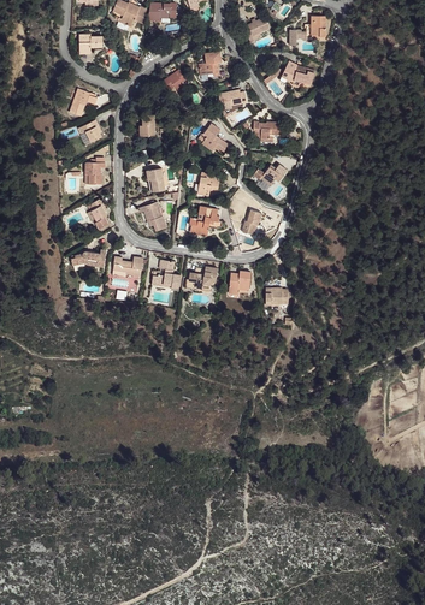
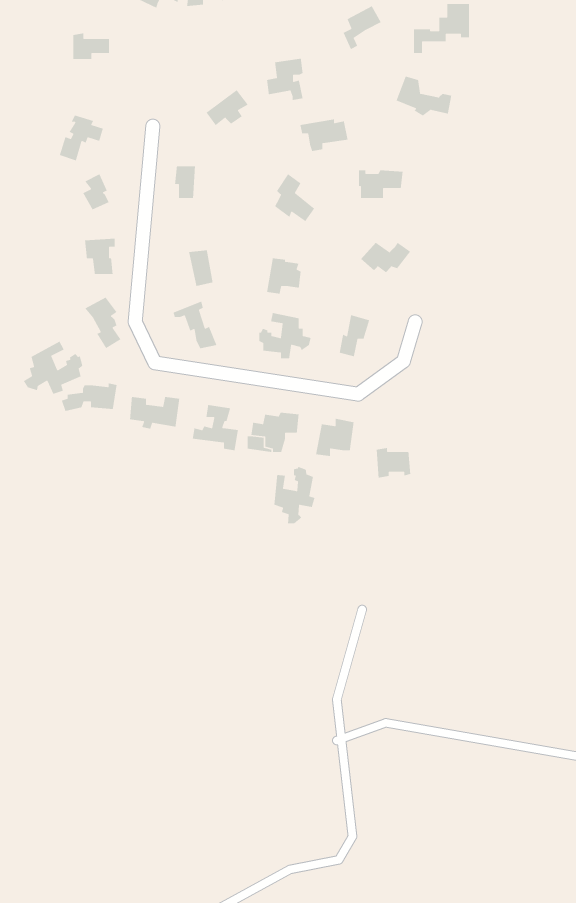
building: none -> [23,341,83,395]
building: none -> [274,466,315,524]

